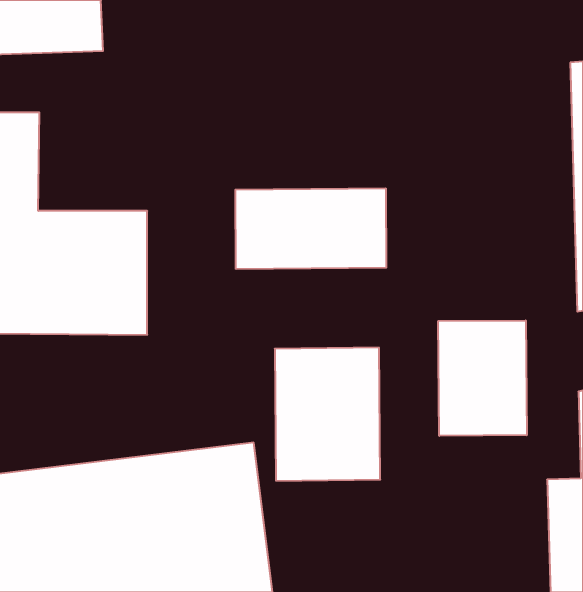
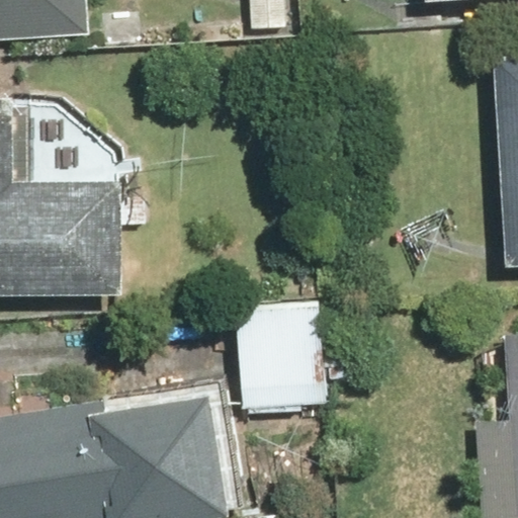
building: [235,188,386,269] -> none
building: [438,320,527,436] -> none

